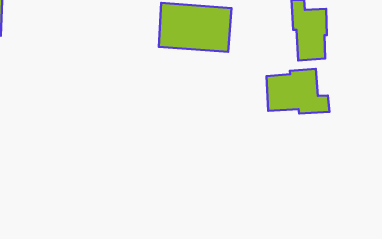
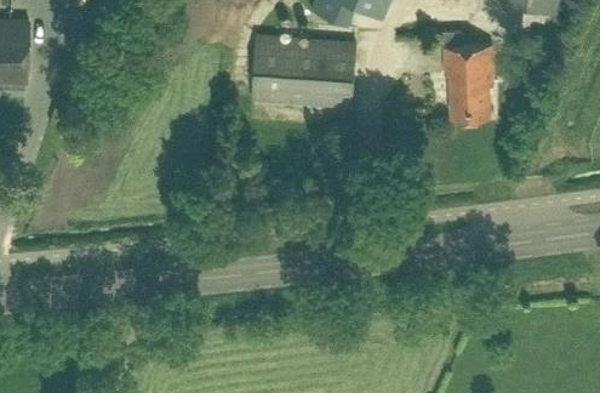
building: [266,69,330,113] -> none

